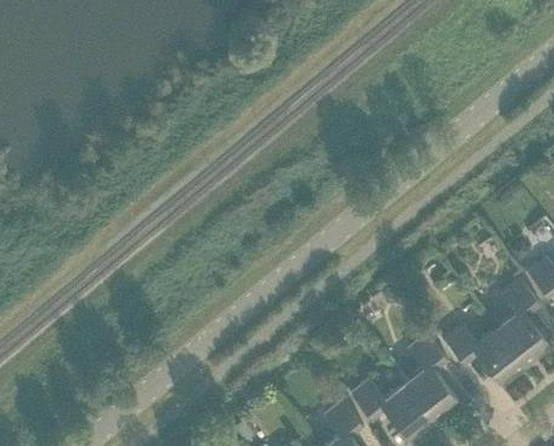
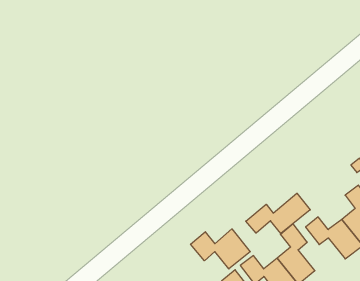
building: none -> [246,193,310,234]
building: none -> [191,229,250,269]

